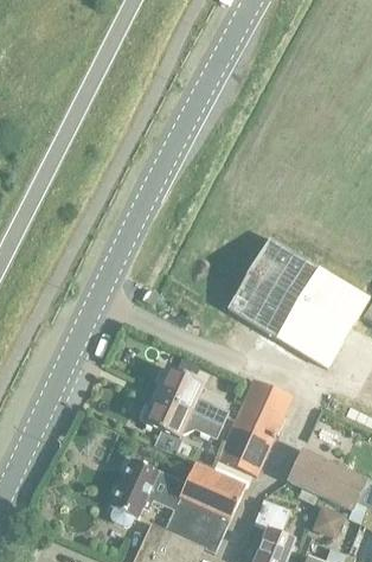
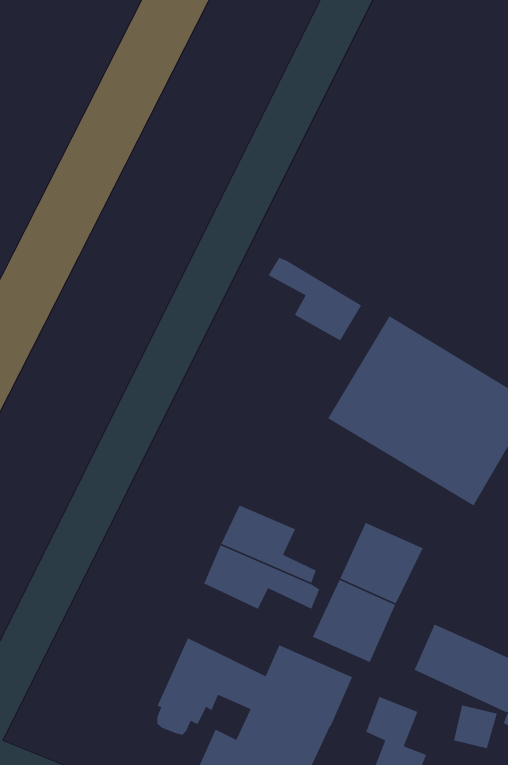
building: none -> [267,257,362,341]

